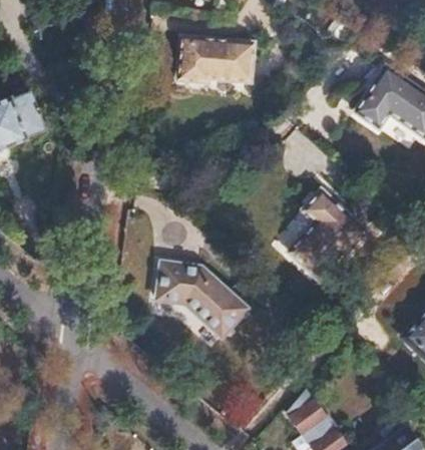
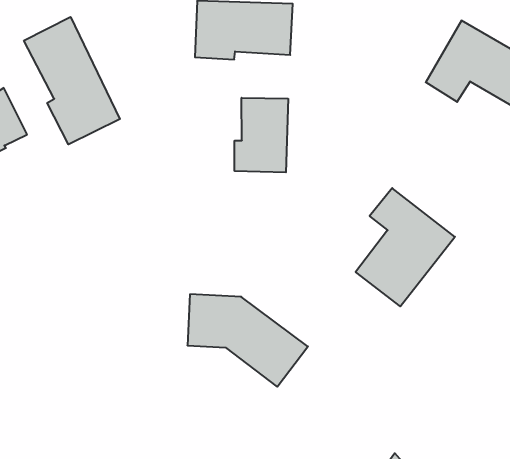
building: none -> [24,17,120,144]
building: none -> [235,98,288,172]

